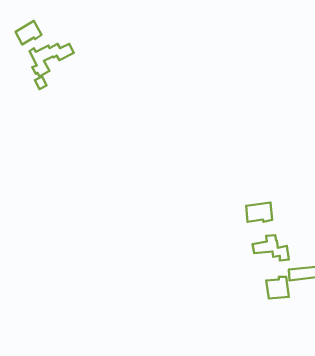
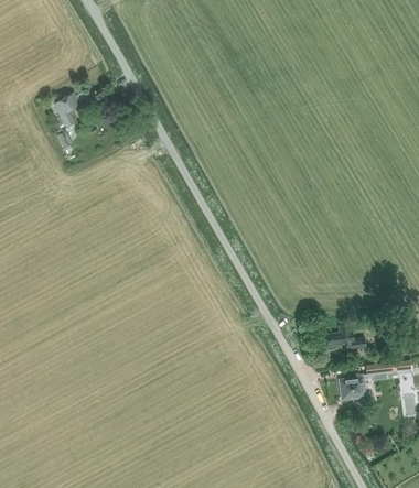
building: [15,21,41,44] -> none
building: [246,202,272,222] -> none

